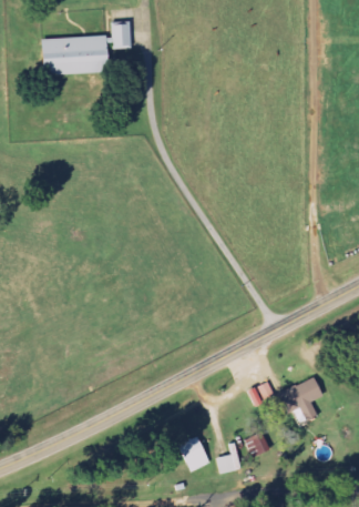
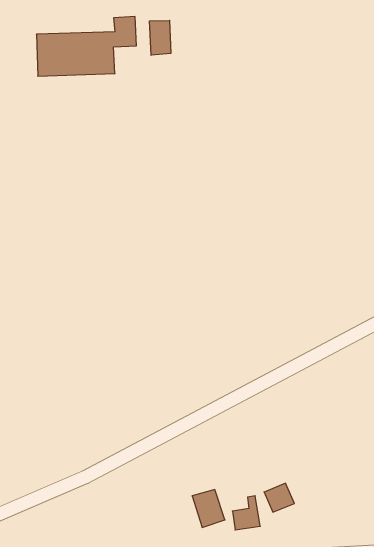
building: none -> [150,20,171,55]
building: [247,377,322,418] -> none

